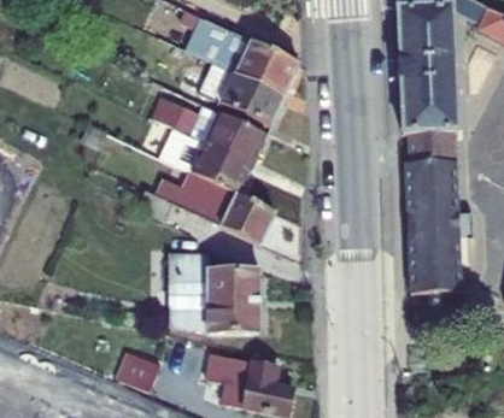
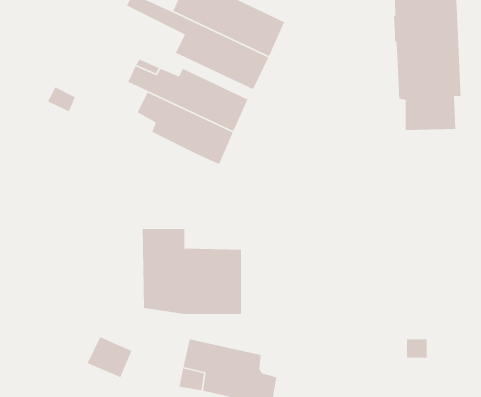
building: [404,160,473,292] -> none
building: [136,181,276,241] -> none

